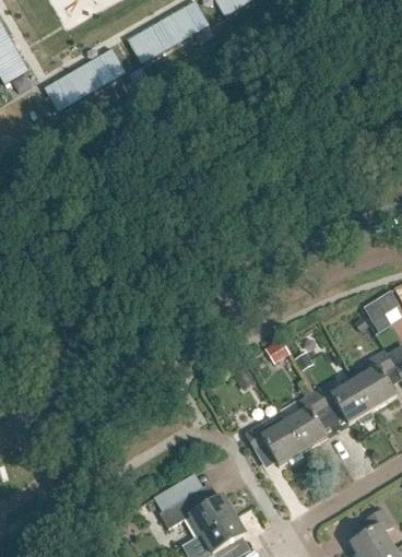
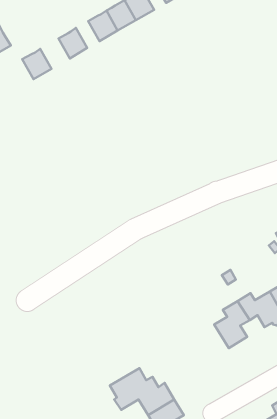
building: [67,62,104,100] -> none
building: [245,413,304,466] -> none

